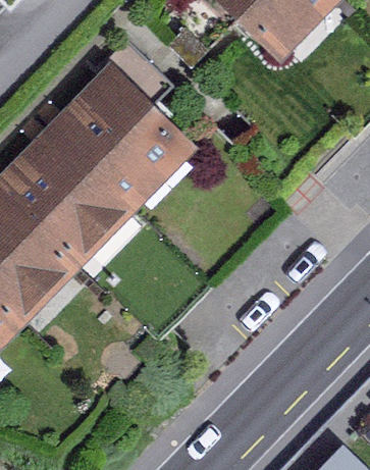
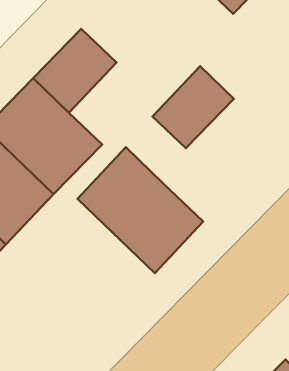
building: [95,110,189,205] -> [152,66,234,148]
building: none -> [77,147,203,273]

